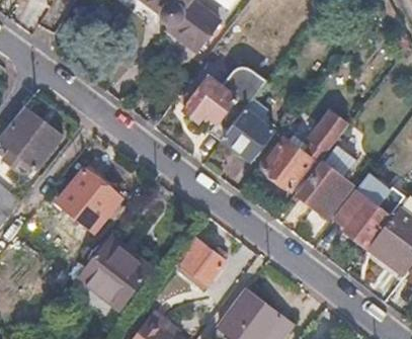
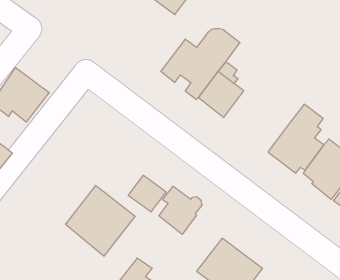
building: [261,113,347,192] -> none
building: [60,169,117,227] -> none
building: none -> [128,175,166,212]

